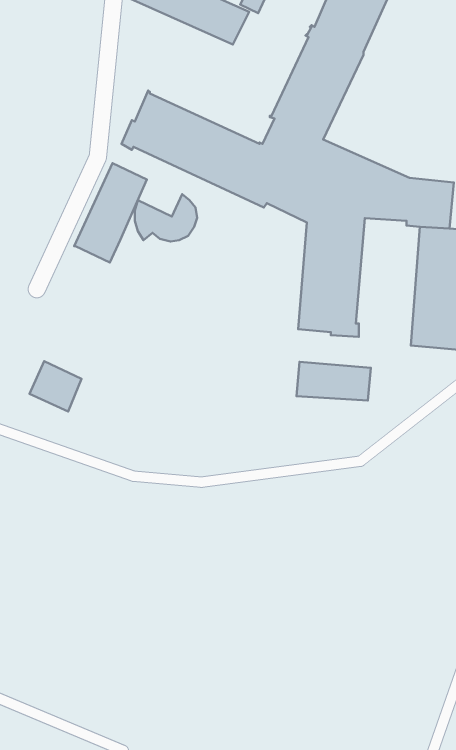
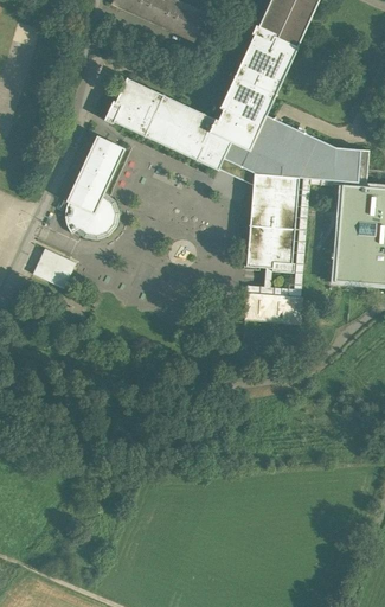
building: [135,194,197,242] -> [65,196,115,234]
building: [29,361,81,411] -> [33,248,75,288]

